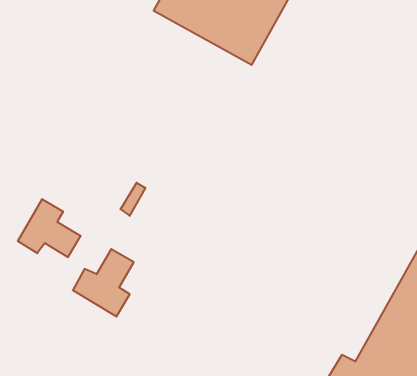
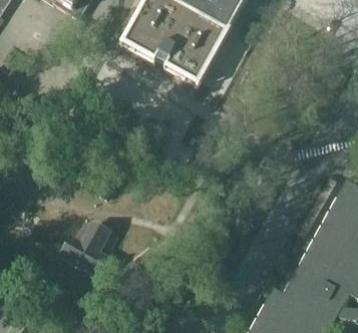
building: [18,199,81,257] -> none

